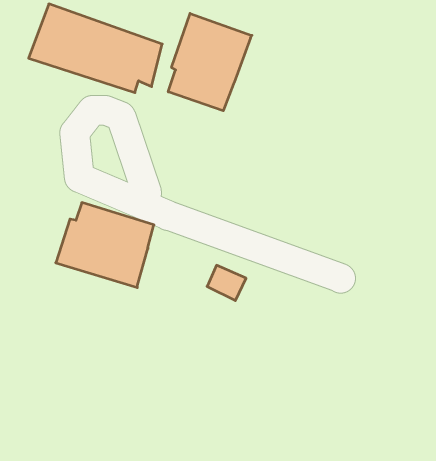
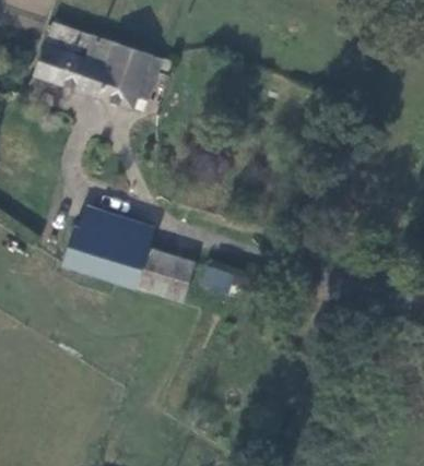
building: [168,13,252,111] -> none
building: none -> [138,247,196,297]

